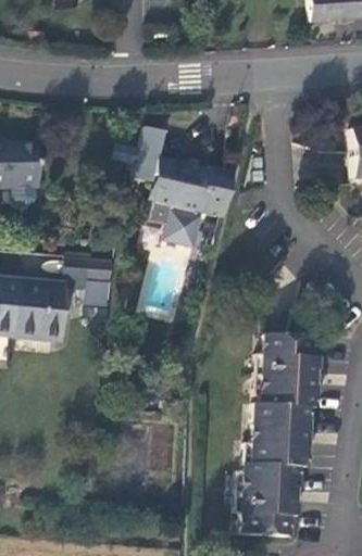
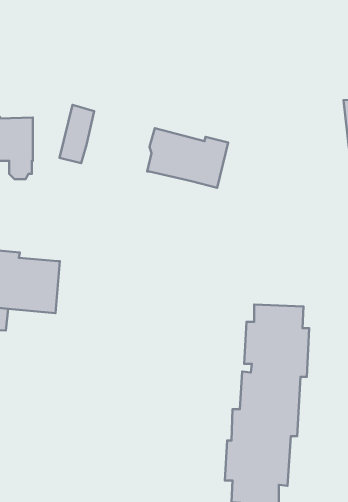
building: [135,116,170,175] -> [60,105,94,163]
building: [151,200,199,242] -> none
building: [64,254,112,311] -> none

